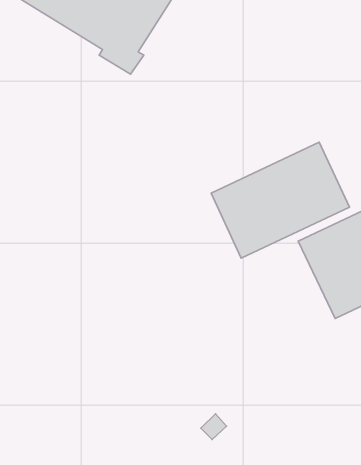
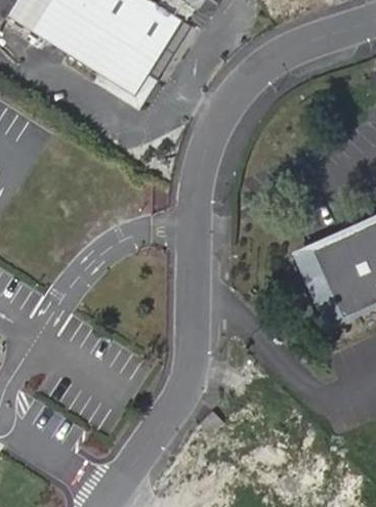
building: [211,142,349,258] -> none

